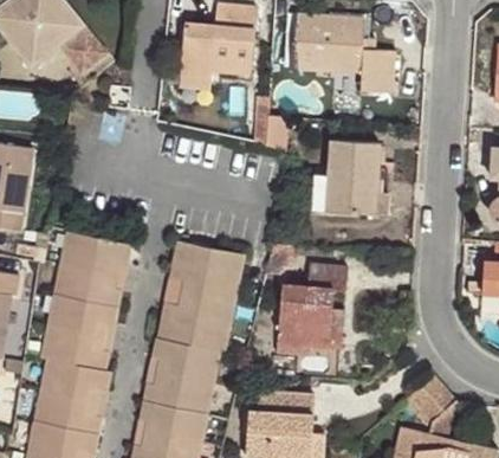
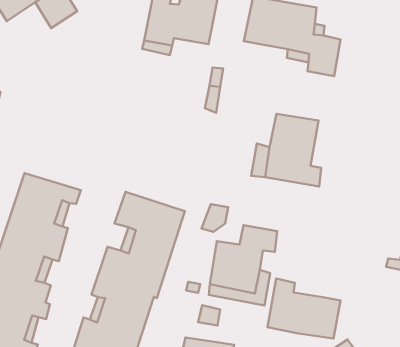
building: none -> [268,278,340,339]

